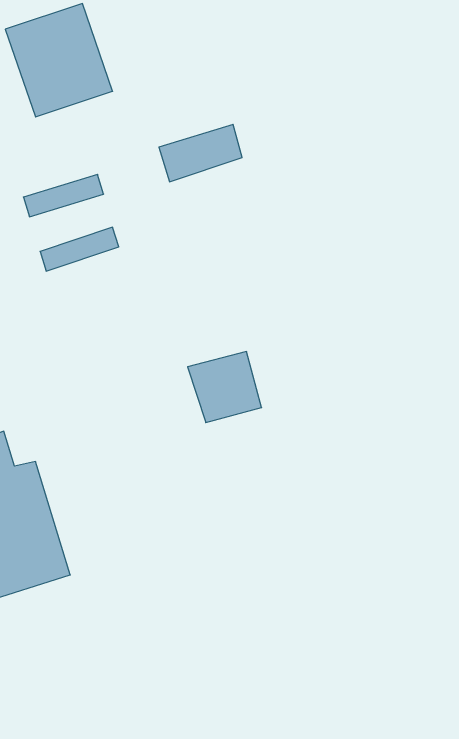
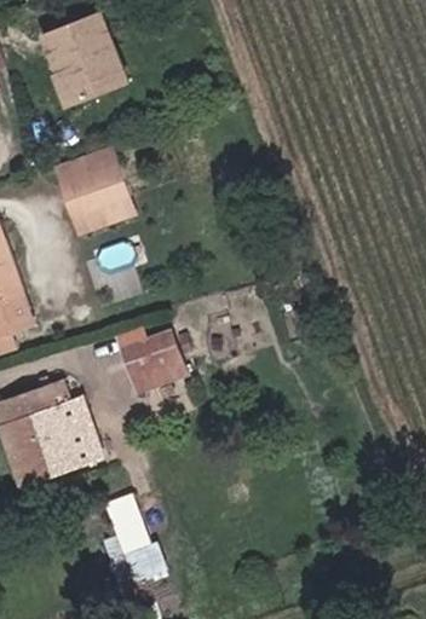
building: [159,124,242,182] -> [64,168,131,214]
building: [188,352,262,423] -> [117,325,177,382]
building: none -> [108,494,165,574]

